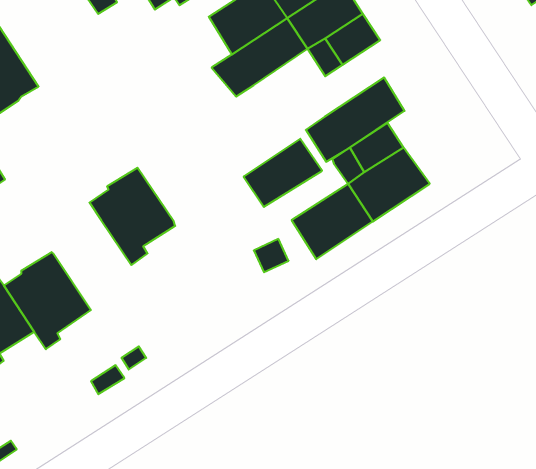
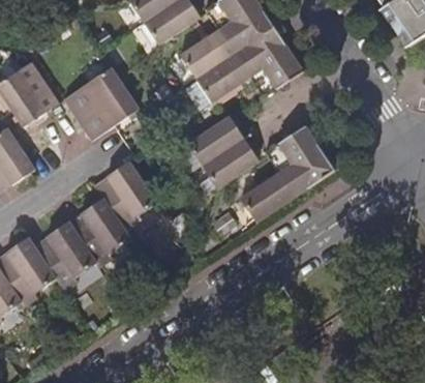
building: none -> [65,66,139,138]
building: [306,78,405,162] -> [175,115,245,175]
building: none -> [69,197,132,265]

